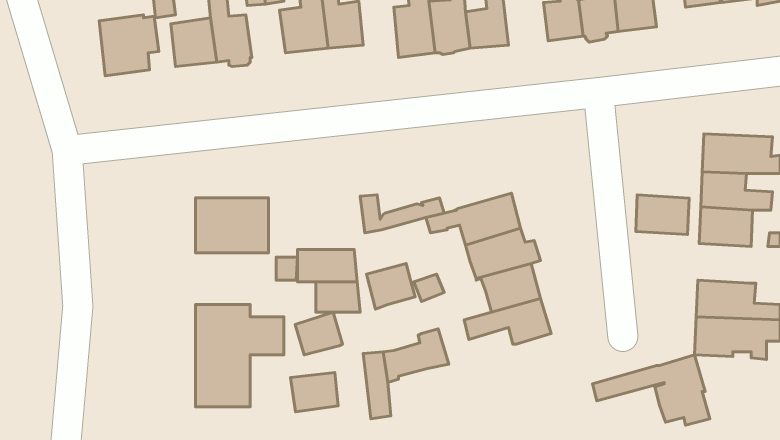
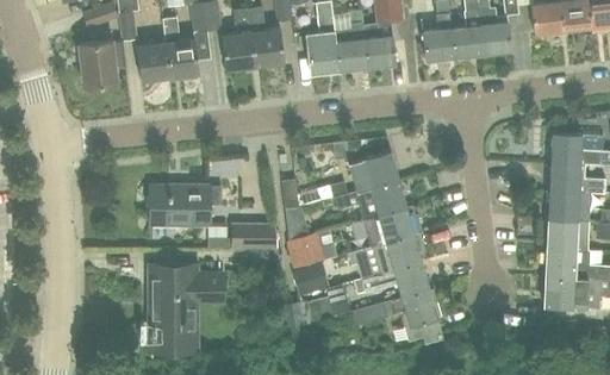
building: none -> [350,152,399,192]
building: [636,195,689,235] -> [544,219,586,250]
building: [295,312,342,355] -> [292,264,329,298]
building: [592,355,710,425] -> [350,289,442,344]
building: [291,372,338,412] -> none

